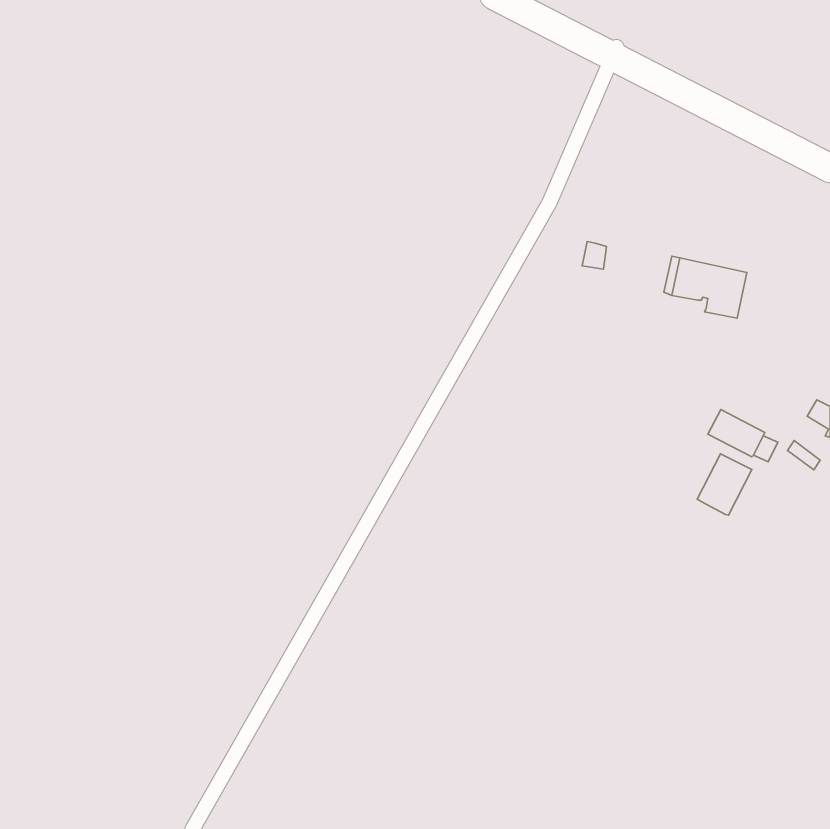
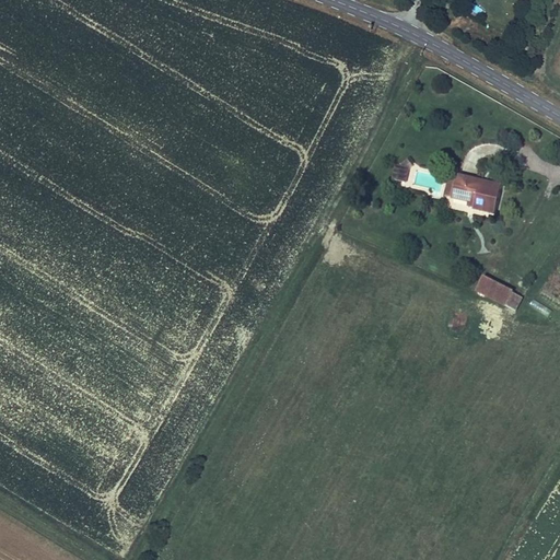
building: [697,454,752,515] -> none

